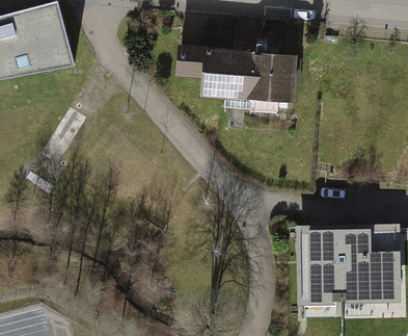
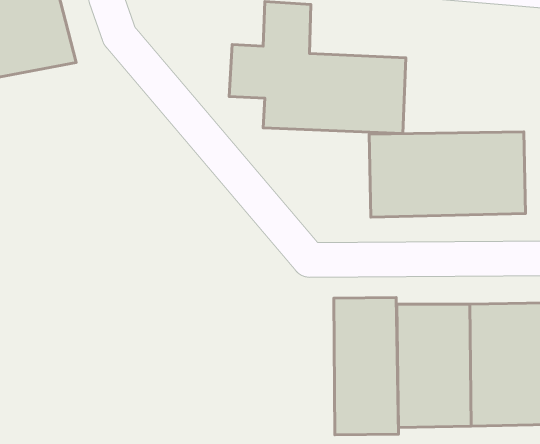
building: none -> [369,132,525,217]
building: none -> [334,298,399,435]

